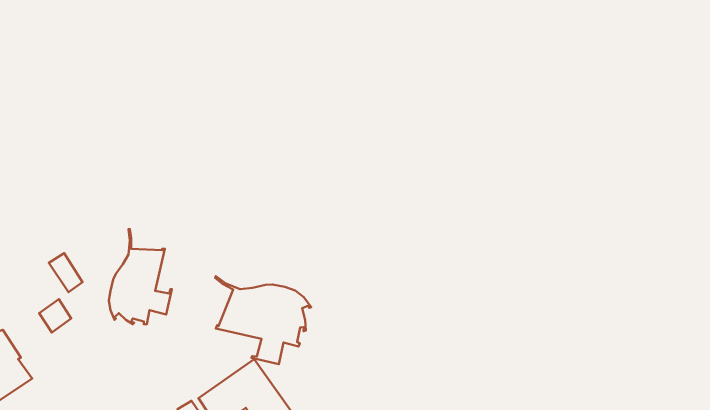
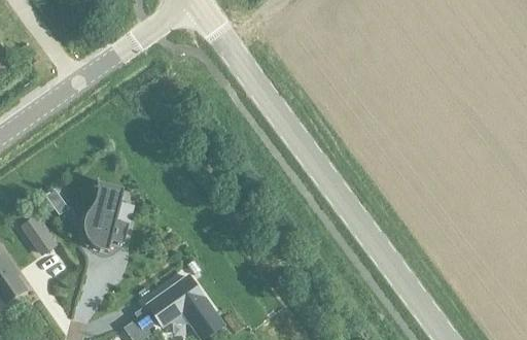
building: [215,276,311,364] -> none

